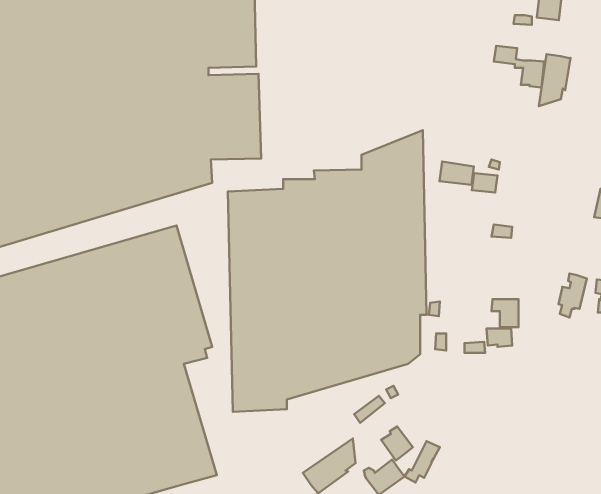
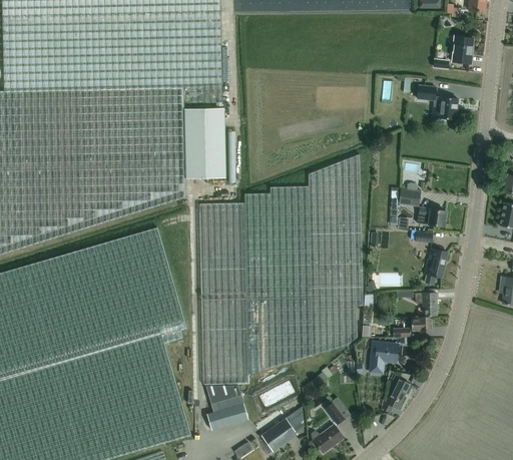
building: [539,54,571,106] -> none
building: [440,162,474,185] -> [417,206,445,225]
building: [559,273,587,318] -> [423,248,446,284]
building: none -> [370,342,397,371]
building: none -> [205,385,246,429]
building: [404,441,440,483] -> [380,378,409,412]

